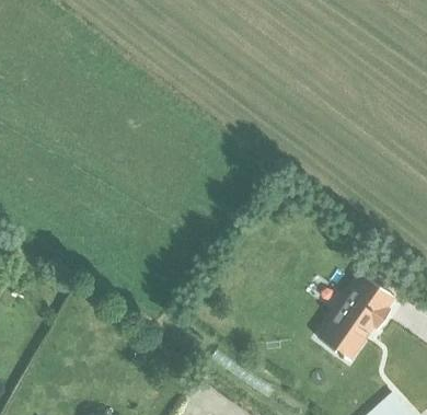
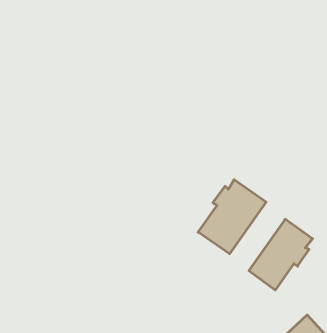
building: none -> [198,180,266,254]

